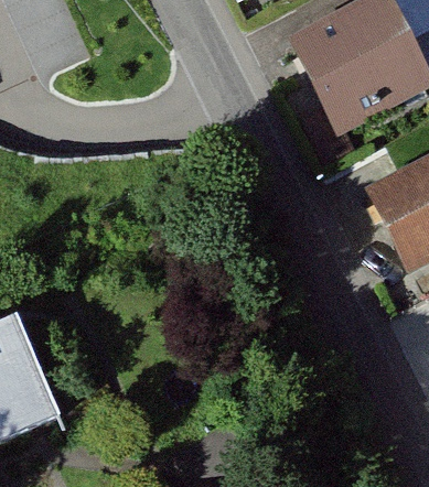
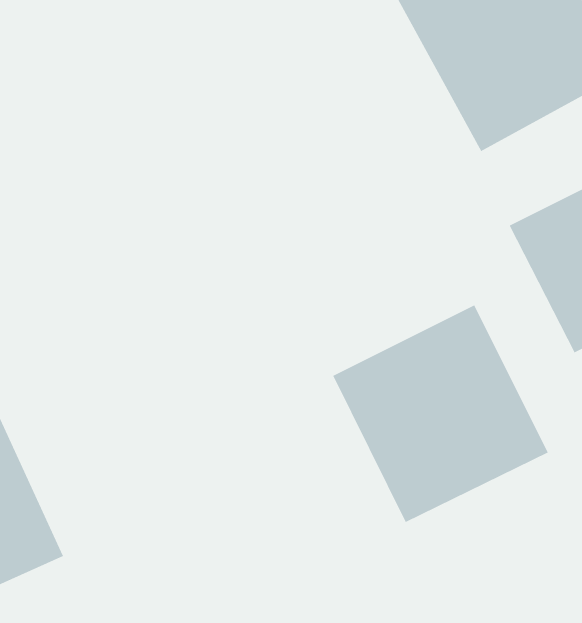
building: none -> [333,304,549,523]

